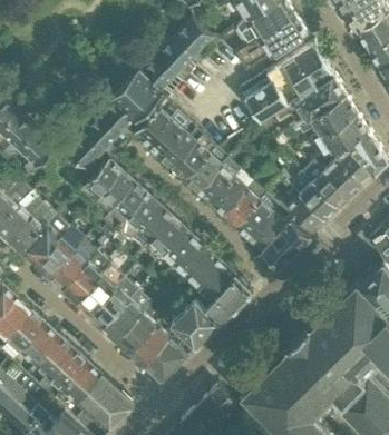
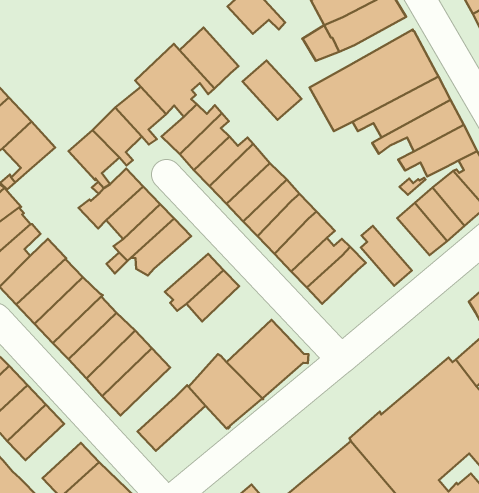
building: [159,36,204,79] -> [242,60,302,120]
building: [280,172,338,221] -> none
building: [134,207,174,251] -> none
building: [261,218,311,267] -> none
building: [173,241,224,298] -> none
building: [117,305,157,354] -> none
building: [145,332,196,382] -> none
building: [40,352,89,394] -> none

